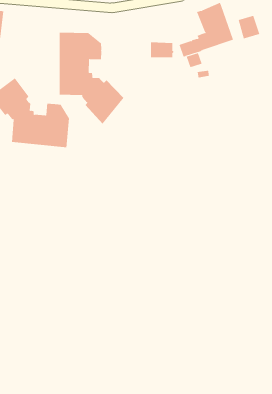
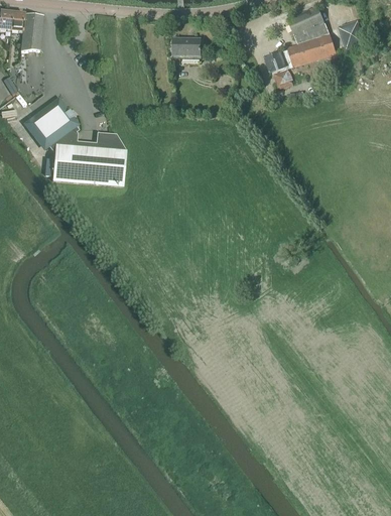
building: [59,32,124,124] -> none
building: [150,42,174,58] -> [171,35,202,55]

